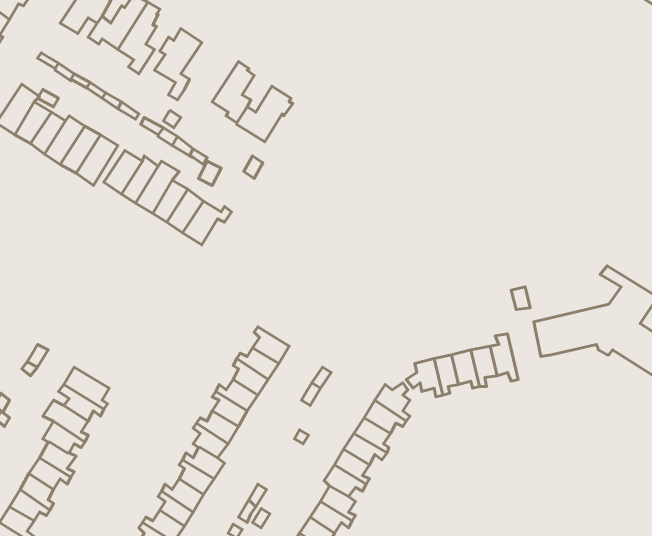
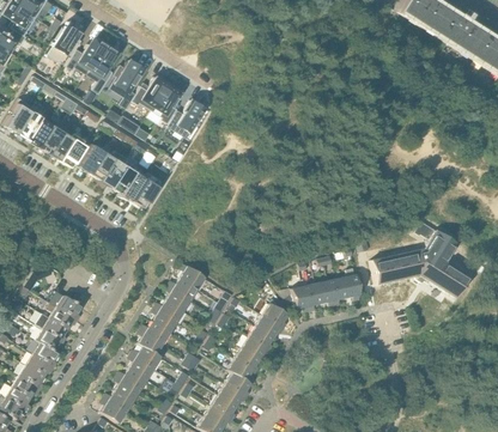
building: none -> [134,75,171,109]

